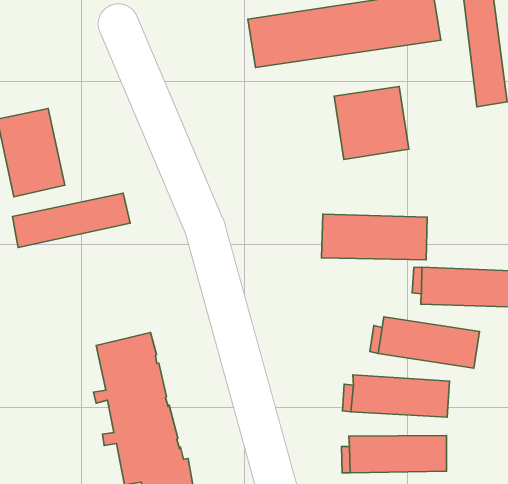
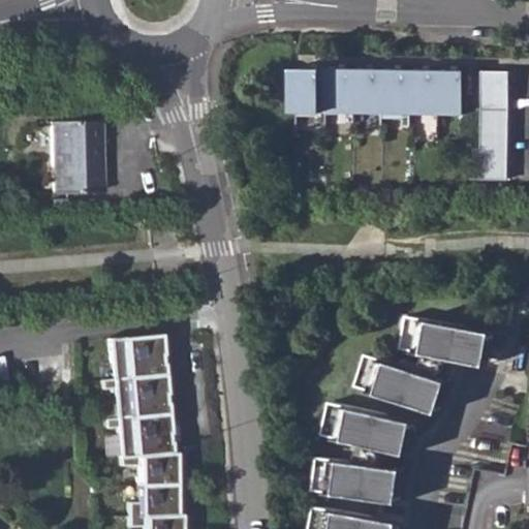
building: [334,86,409,160] -> none
building: [12,193,130,248] -> none
building: [322,214,427,260] -> none

